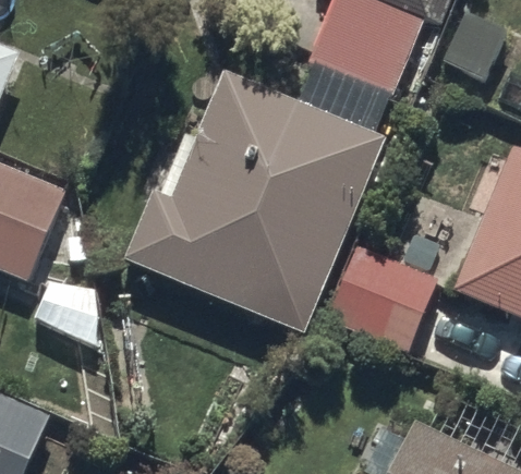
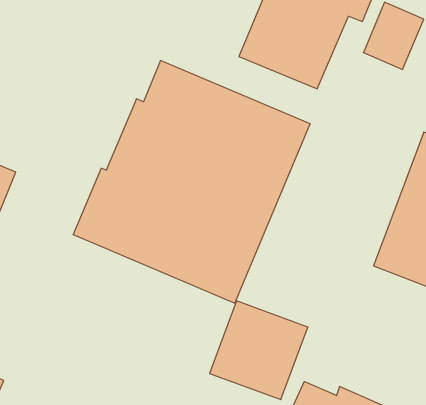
building: [329,247,436,354] -> [210,301,308,400]

